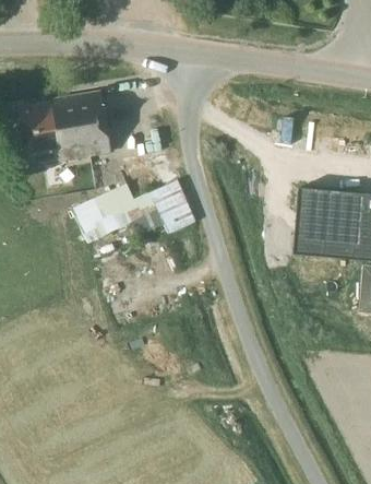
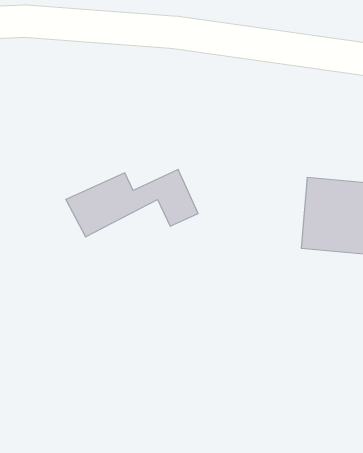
building: [20,90,112,161] -> none

